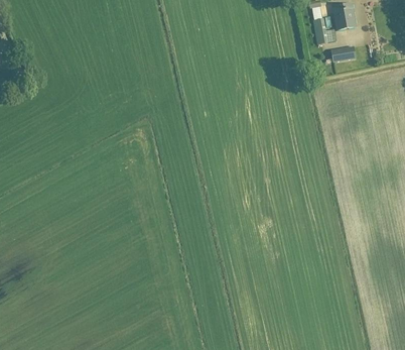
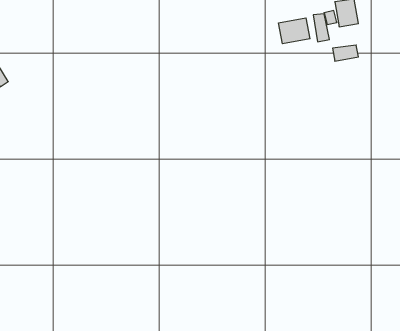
building: none -> [279,18,310,44]

